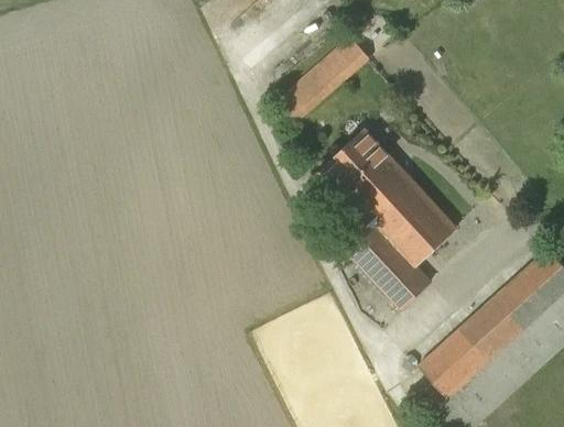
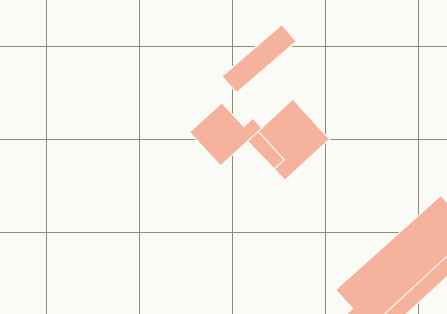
building: none -> [190,103,262,166]
building: [343,177,457,307] -> none

